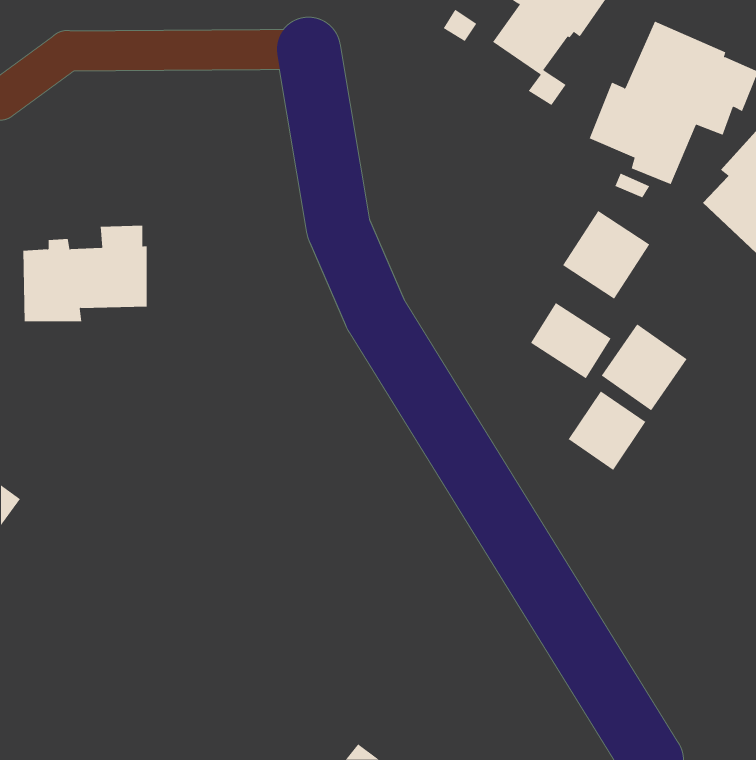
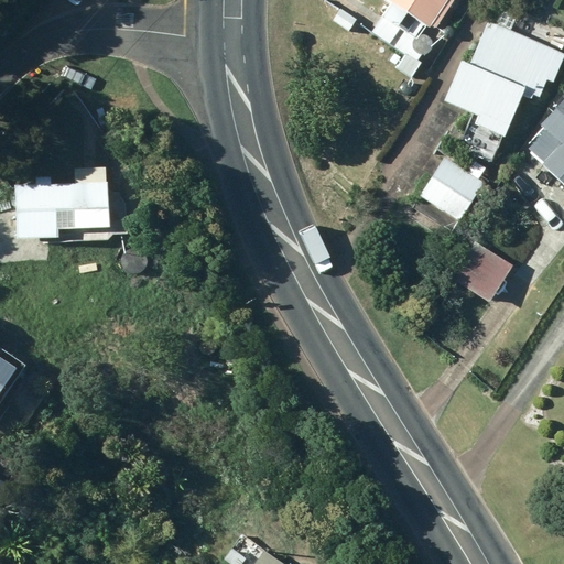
building: [530,302,611,379] -> none
building: [568,390,646,471] -> none

